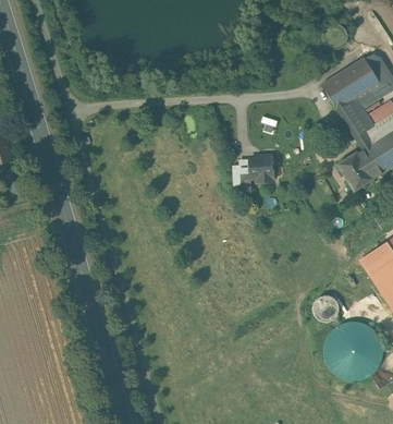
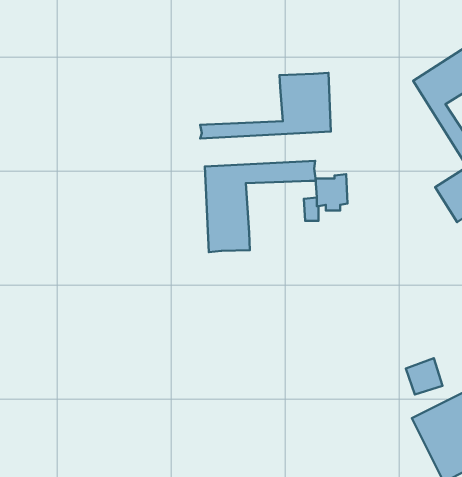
building: none -> [200,73,331,138]
building: none -> [205,161,316,252]

